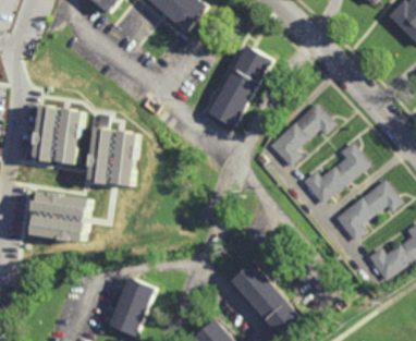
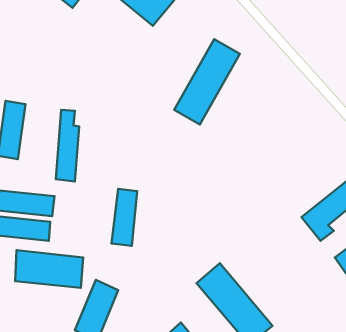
building: [268,102,334,167] -> none
building: [60,108,86,165] -> none
building: [115,131,140,186] -> [112,189,137,246]
building: [301,142,368,205] -> none
building: none -> [15,250,83,288]

